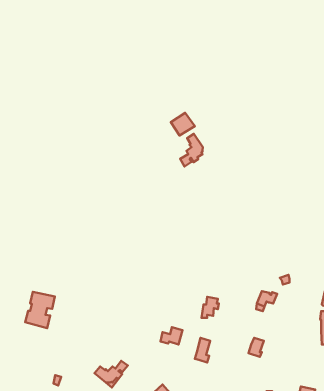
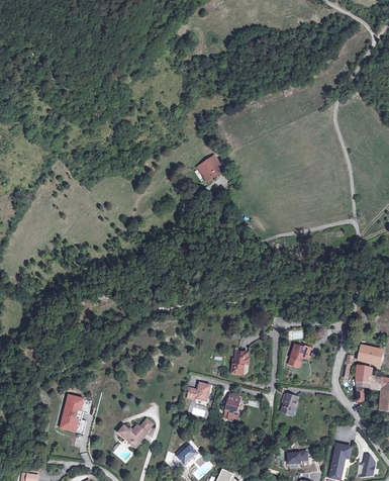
building: [180,134,203,166] -> none
building: [25,292,55,328] -> [60,395,91,434]

